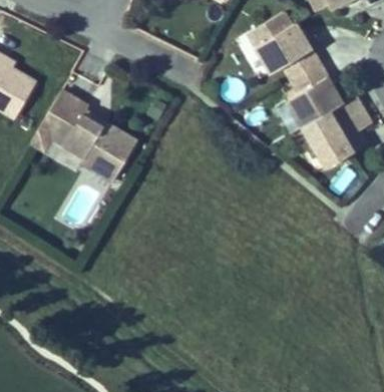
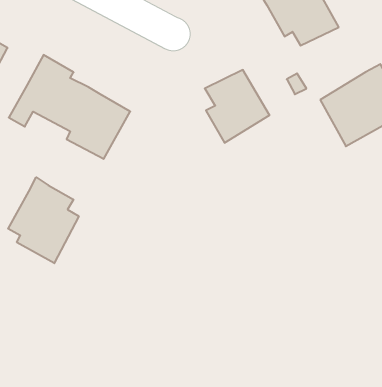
building: [287,64,343,127] -> [205,70,270,143]
building: none -> [8,177,79,263]

